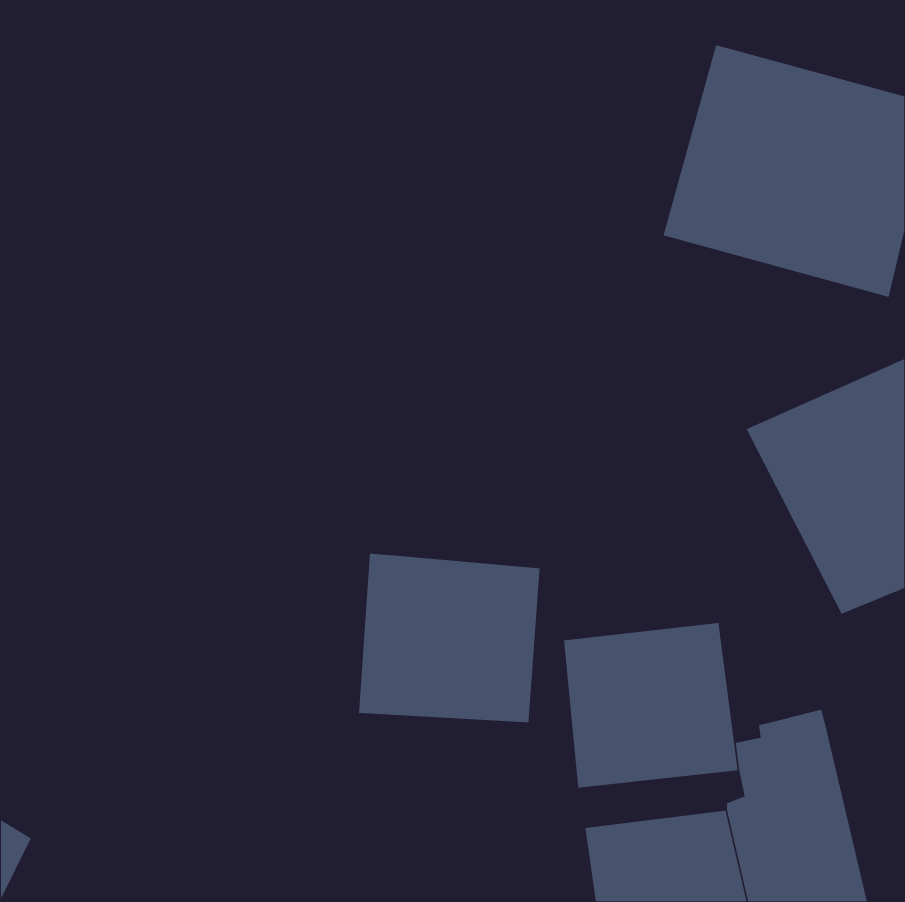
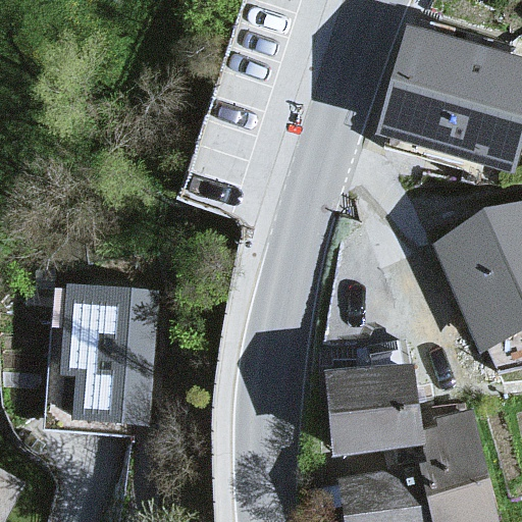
building: none -> [58,289,155,432]
building: [358,553,541,723] -> none

